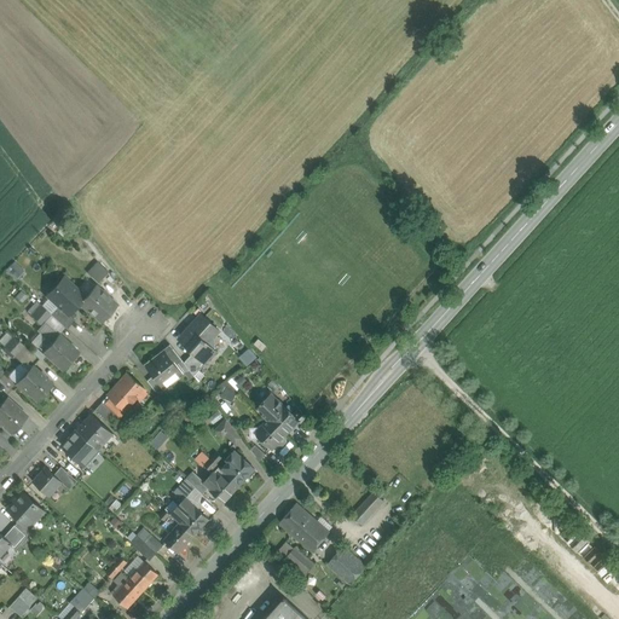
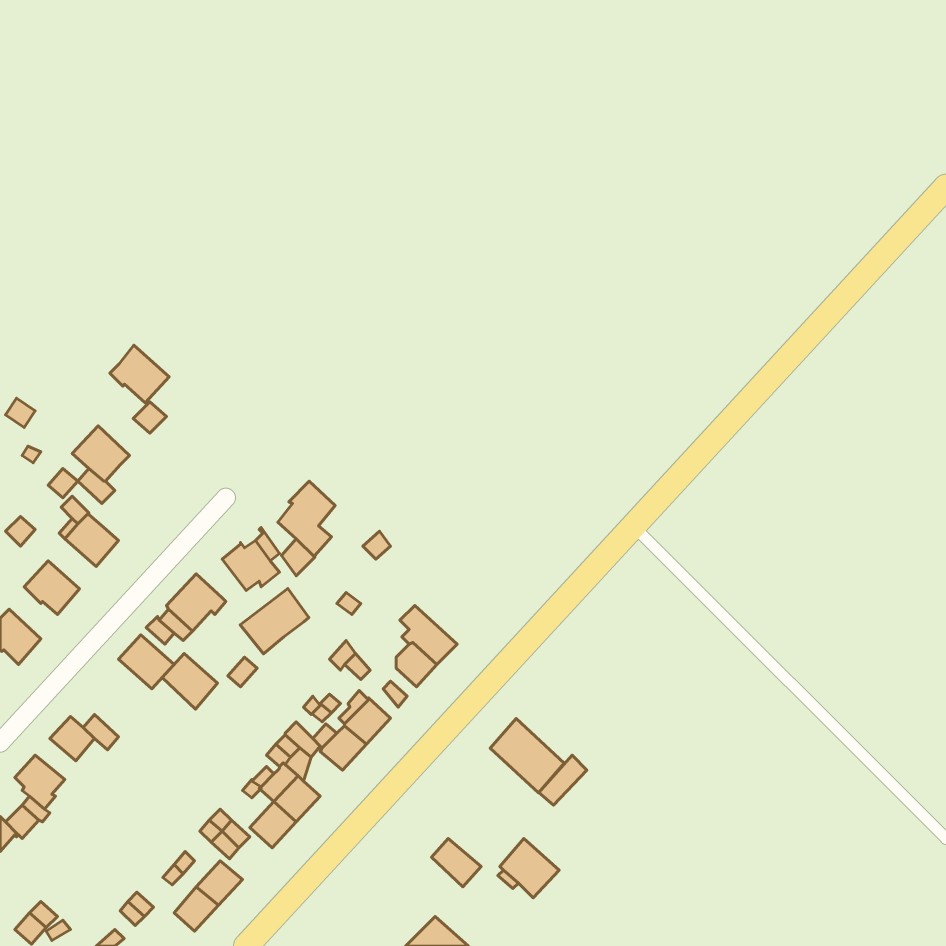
building: [79,285,117,323] -> [110,345,169,403]
building: none -> [240,589,309,654]
building: [63,430,99,467] -> [162,654,218,709]
building: [279,504,328,553] -> [490,719,564,793]

